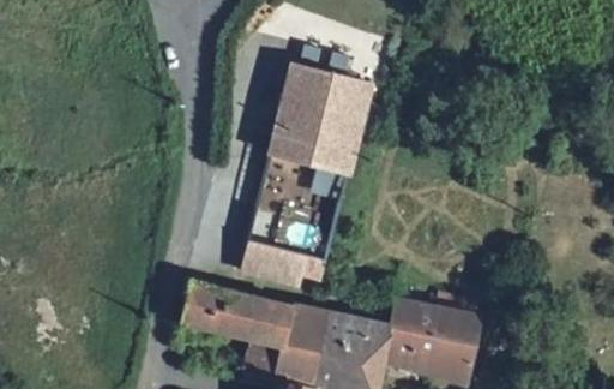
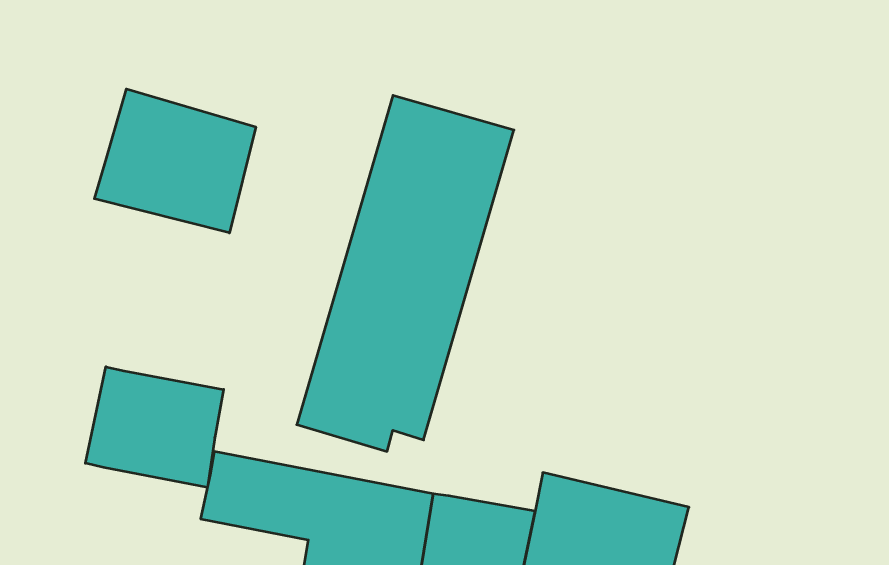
building: none -> [94,89,256,233]
building: none -> [85,367,224,487]

